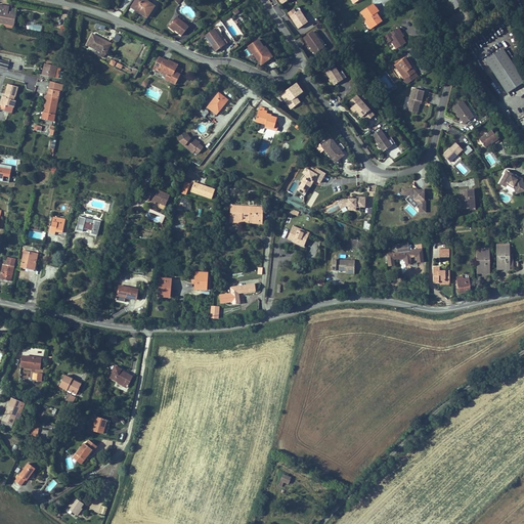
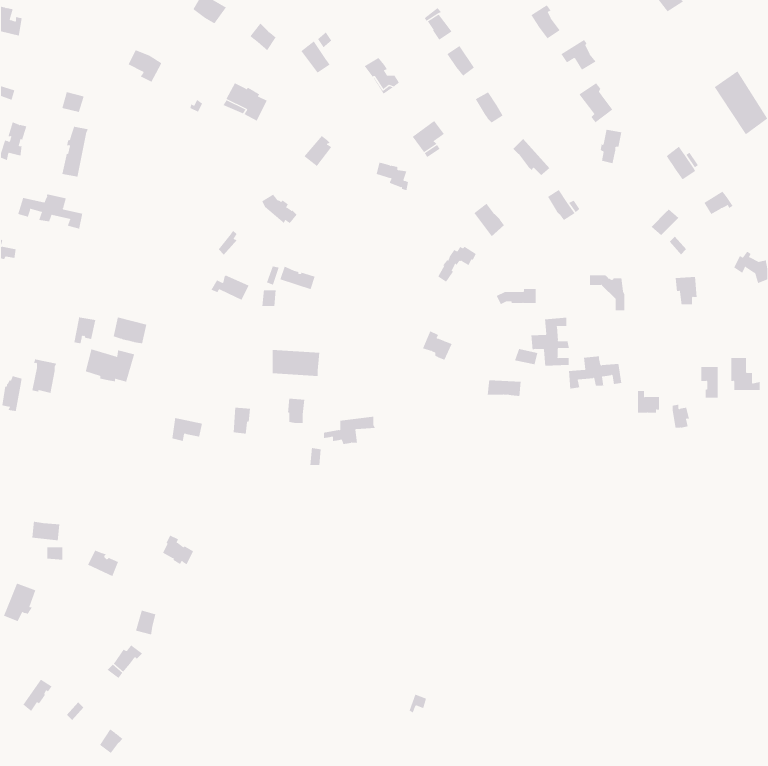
building: none -> [17,194,83,229]
building: [230,205,263,223] -> [272,350,320,377]
building: none -> [531,317,569,366]
building: none -> [85,349,135,383]

